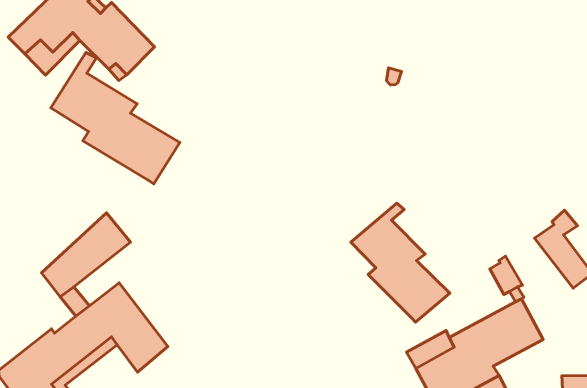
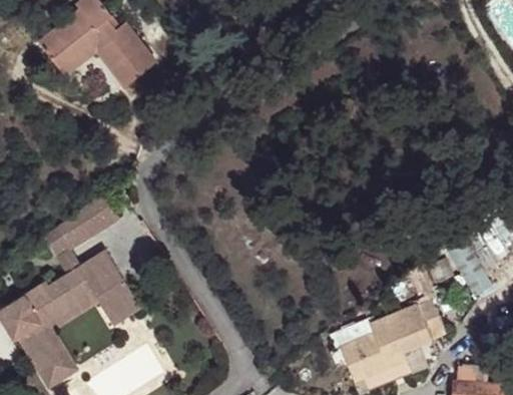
building: [51,52,180,184] -> none
building: [351,203,450,322] -> none

